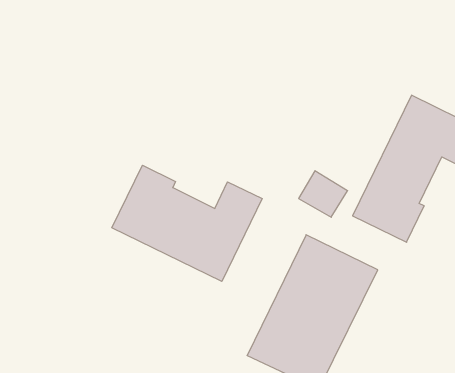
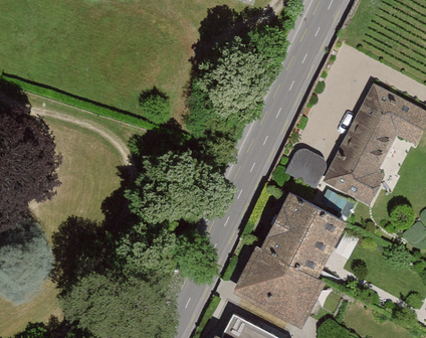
building: [112,165,262,281] -> none

